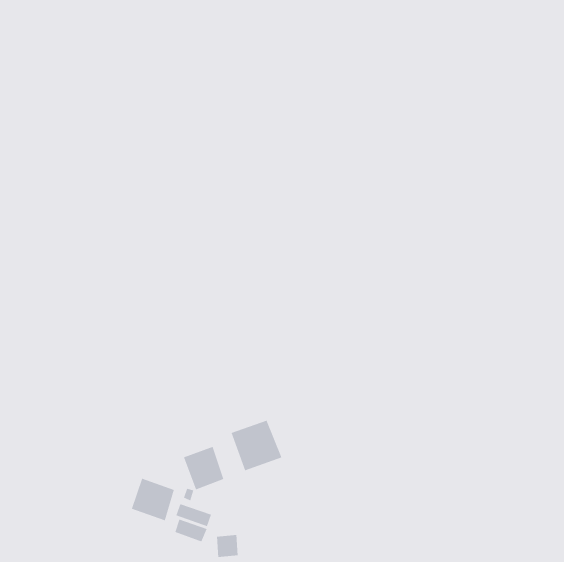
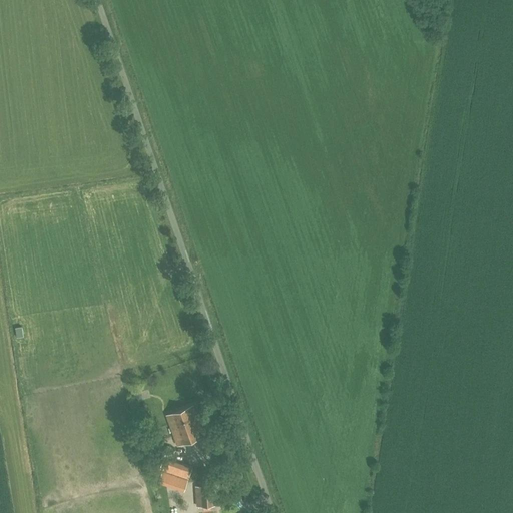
building: [231,420,282,471] -> none
building: [131,478,175,521] -> none

